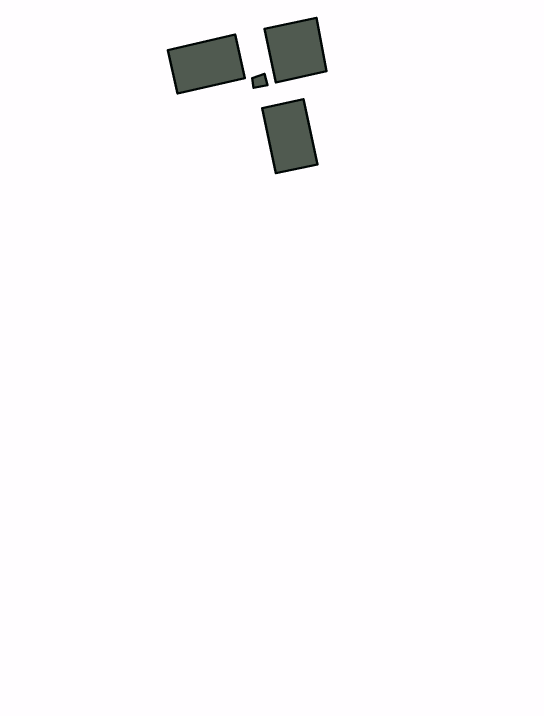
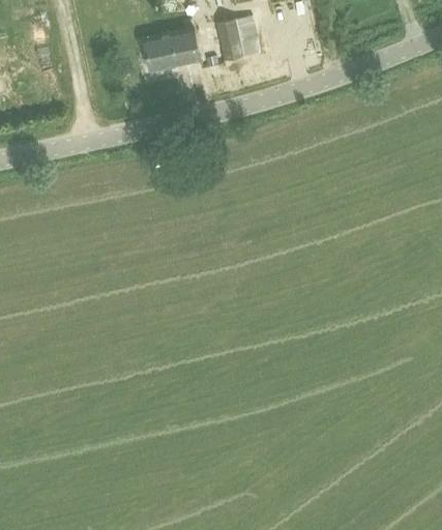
building: [262,99,317,173] -> none

